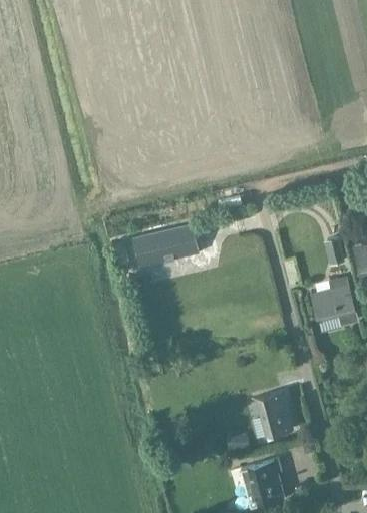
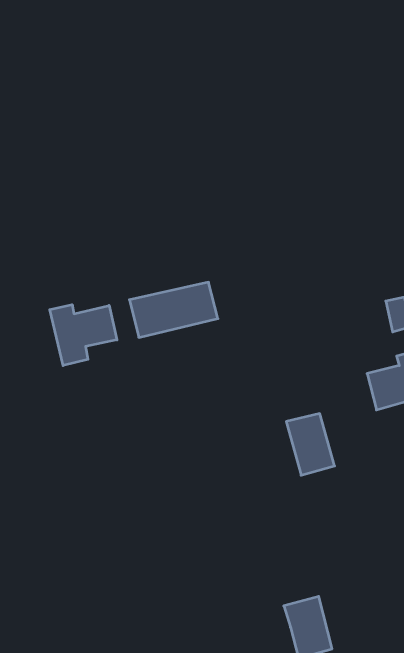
building: none -> [50,305,117,366]
building: [257,391,293,437] -> [286,414,335,475]

